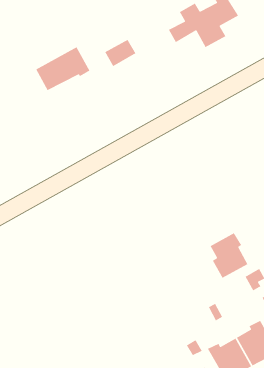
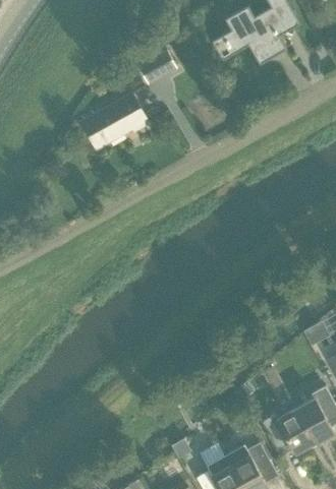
building: [35,46,90,91] -> [80,94,147,147]
building: [210,232,248,279] -> none

